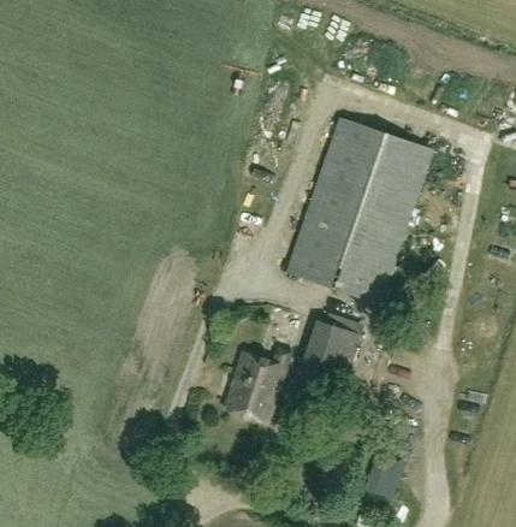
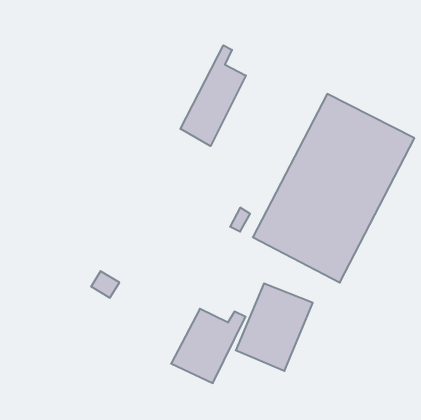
building: none -> [180,45,246,146]

